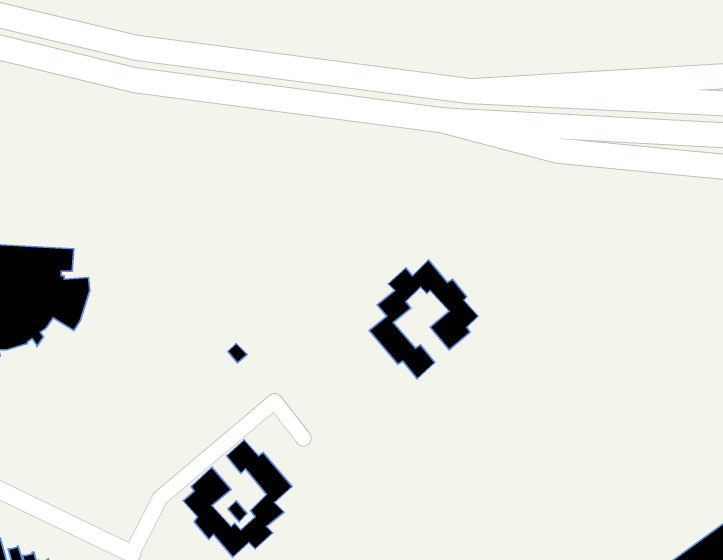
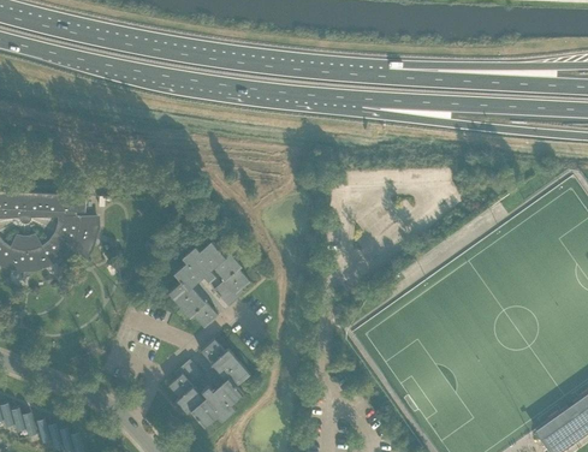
building: [369,260,478,379] -> [167,240,249,329]

